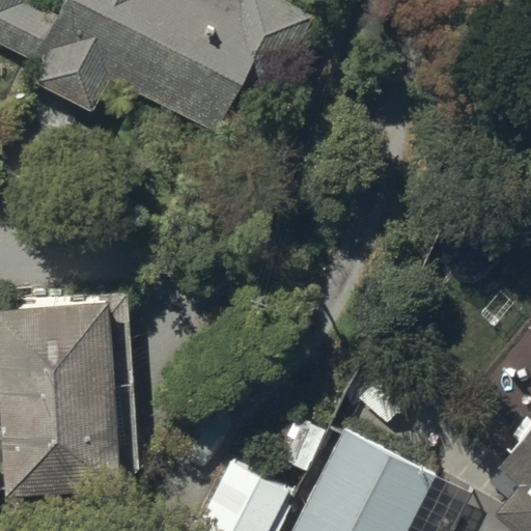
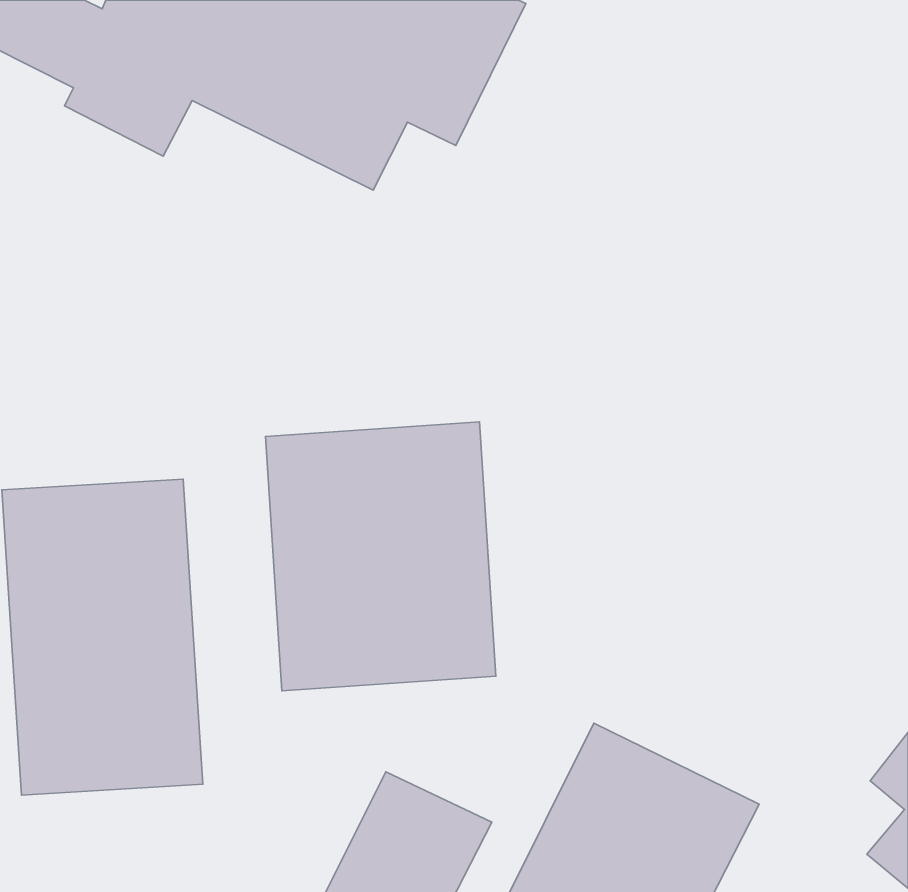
building: none -> [265,422,496,691]

